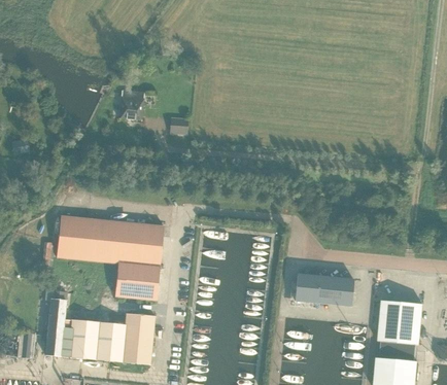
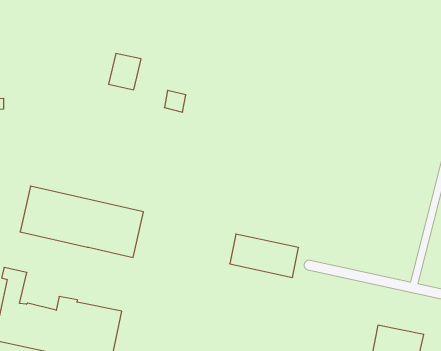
building: [114,262,160,300] -> none
building: [295,273,353,305] -> [230,234,299,277]

